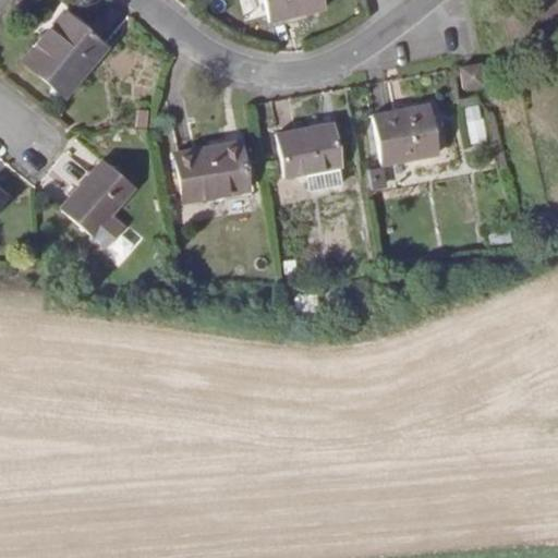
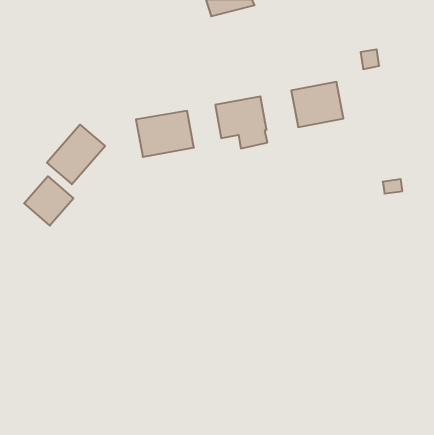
building: [25,10,108,95] -> none
building: none -> [24,176,73,226]

